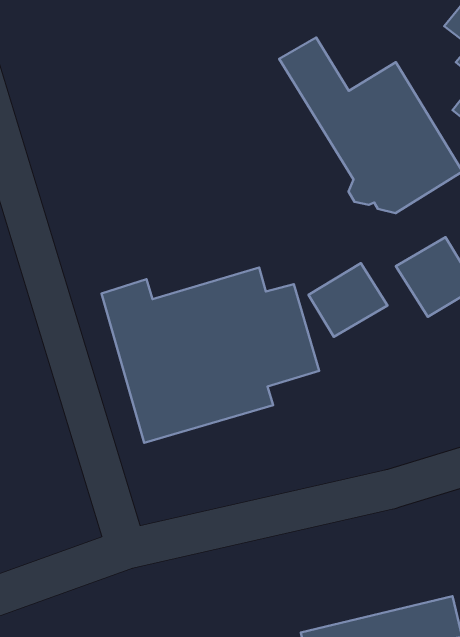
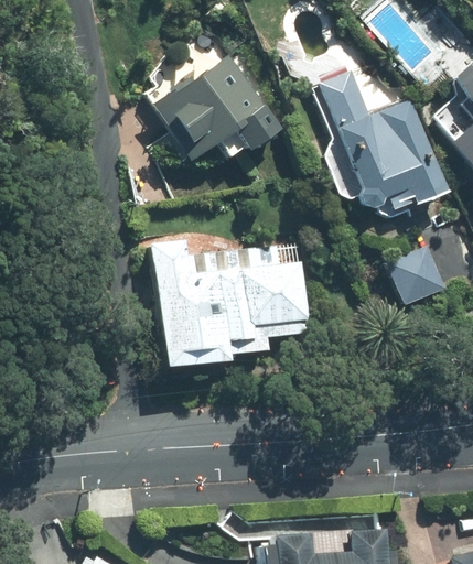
building: none -> [153,55,280,161]
building: [308,263,387,337] -> none

